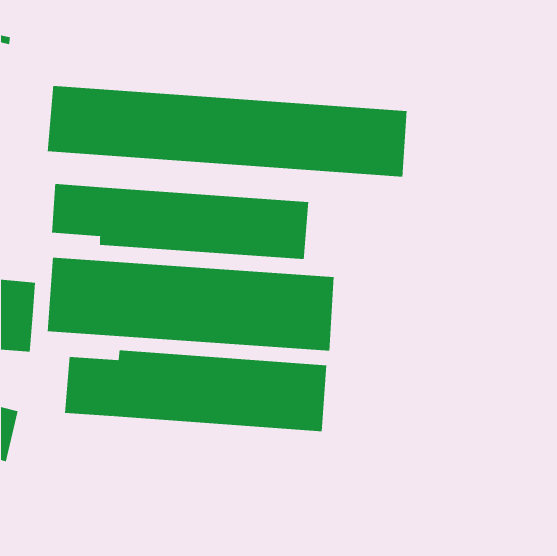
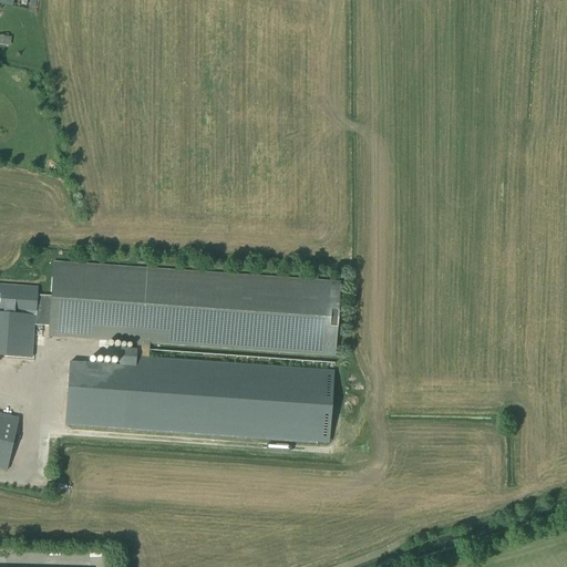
building: [47,85,407,177] -> none
building: [51,183,309,260] -> none

